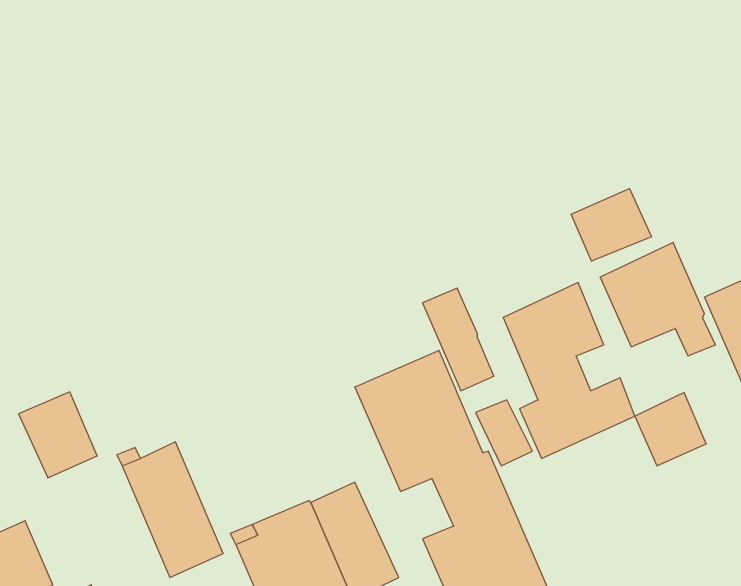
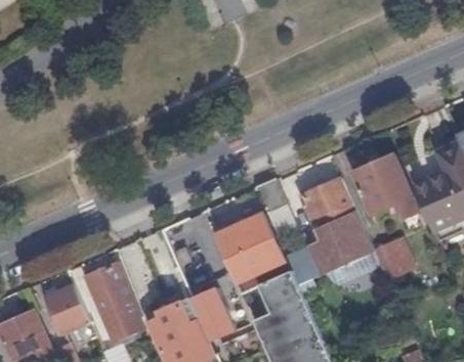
building: [571,189,652,261] -> none
building: [19,392,97,478] -> [44,286,88,334]

